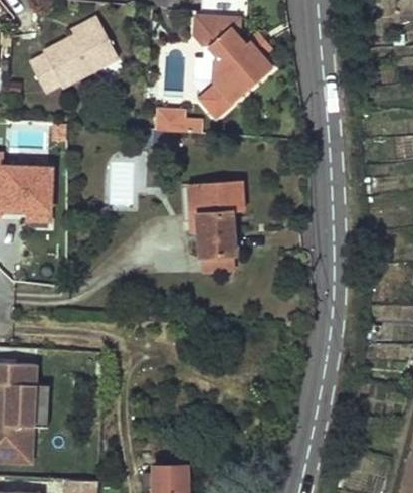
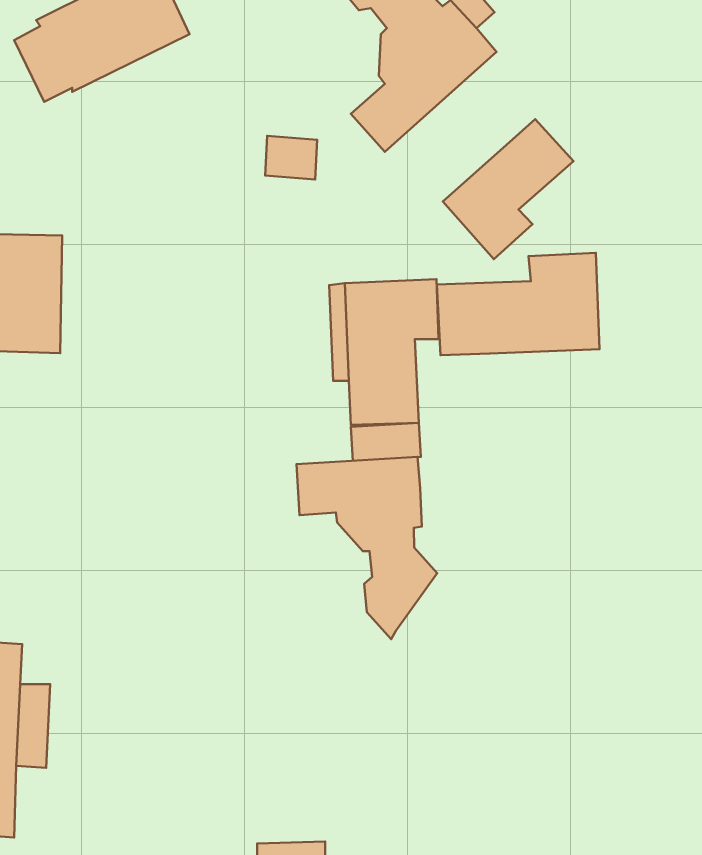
building: none -> [443,119,574,259]
building: none -> [437,253,599,355]
building: none -> [297,457,437,639]

